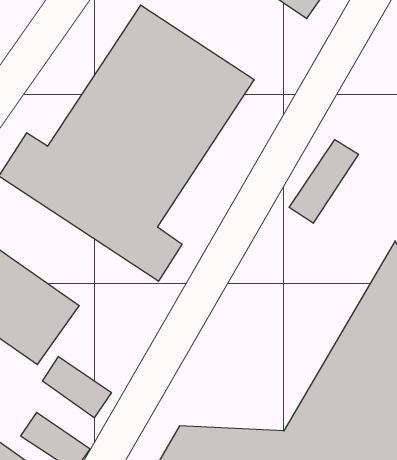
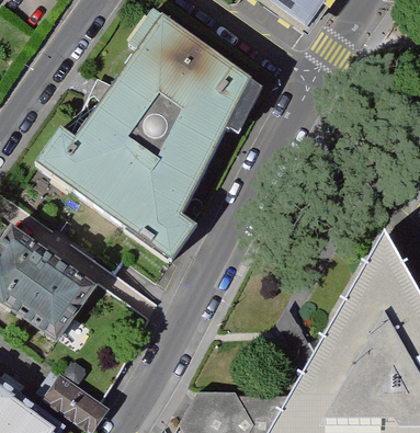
building: [289,140,358,223] -> none
building: [42,356,111,418] -> none

